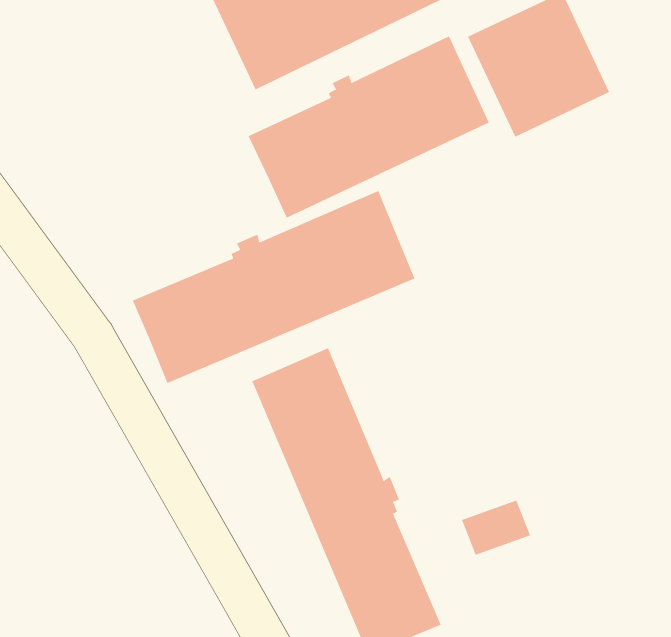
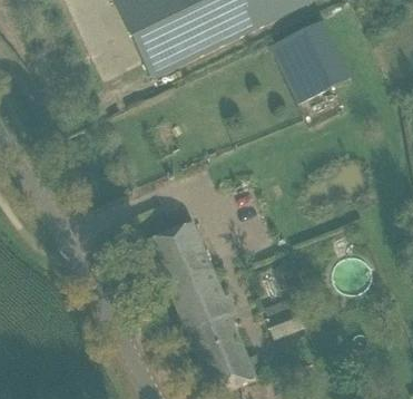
building: [248,35,490,218] -> none
building: [132,190,415,384] -> none

